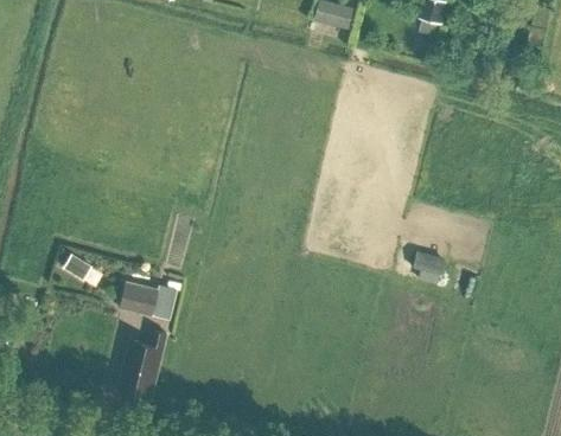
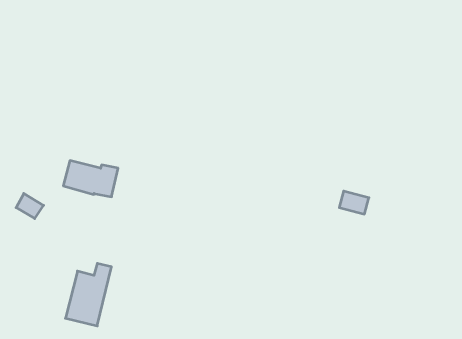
building: [119,281,178,320] -> [63,161,118,197]

